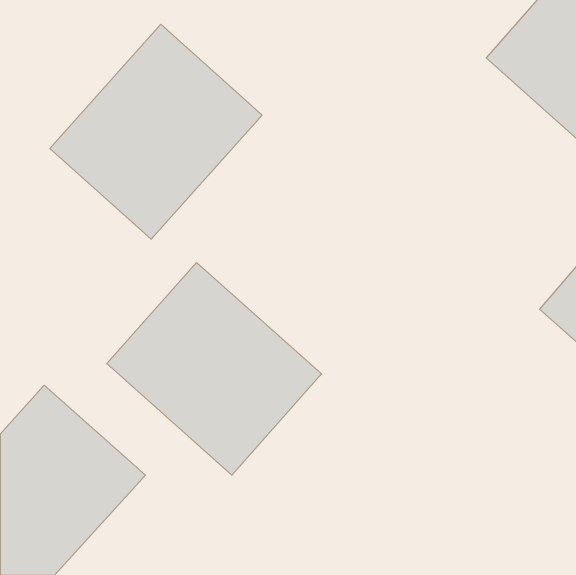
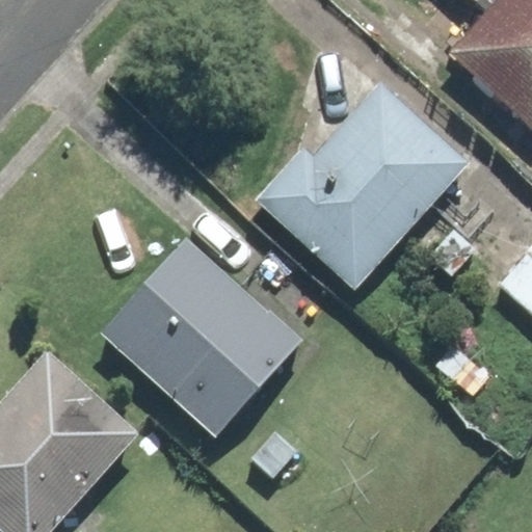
building: [50,24,262,239] -> none
building: none -> [256,83,468,289]

